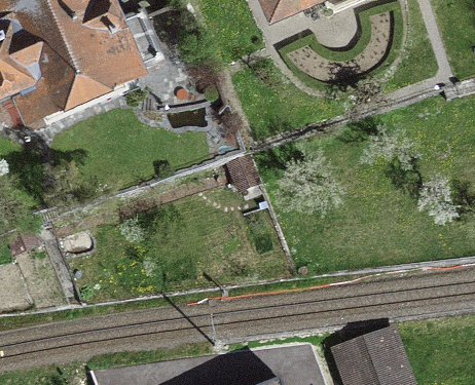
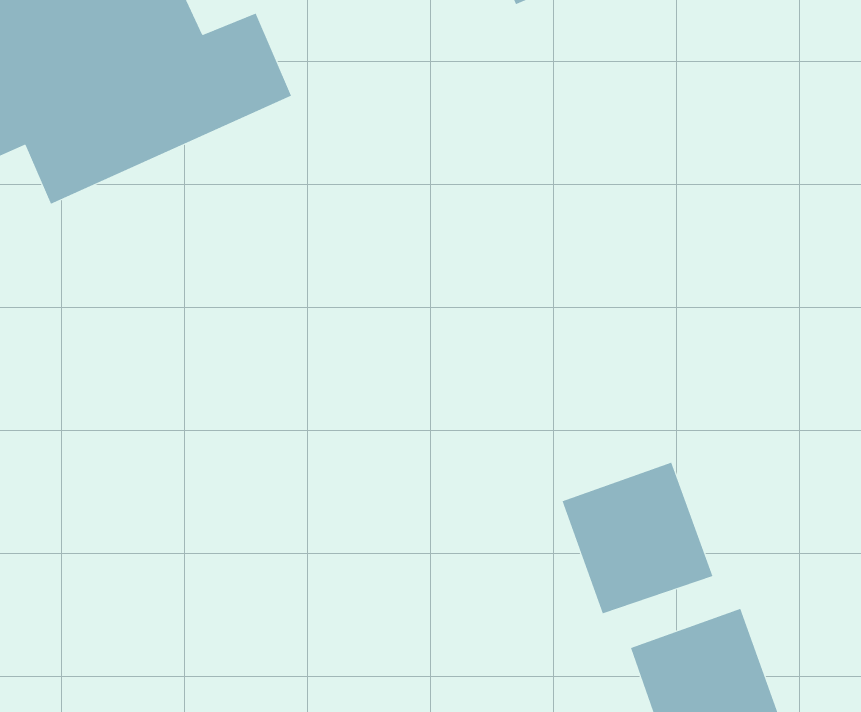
building: none -> [562,462,713,614]

